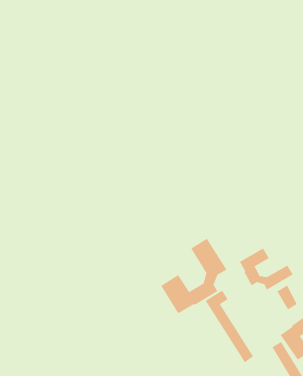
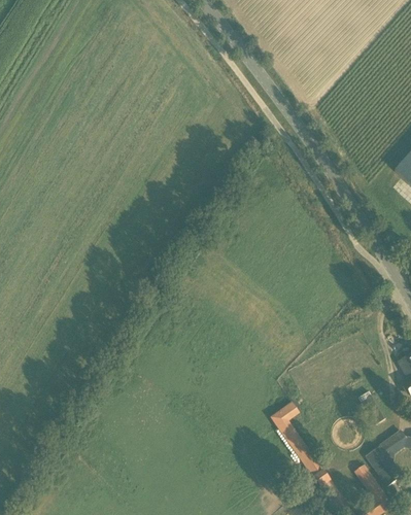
building: [161,238,227,314] -> none
building: [239,248,294,290] -> none

